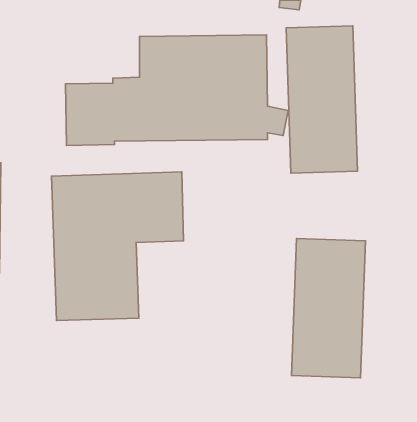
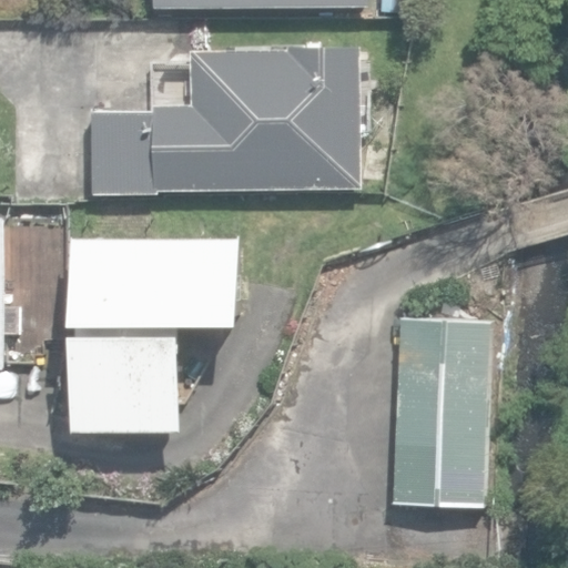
building: [286,26,357,173] -> none

